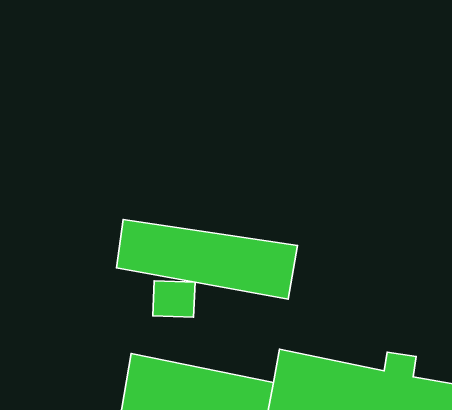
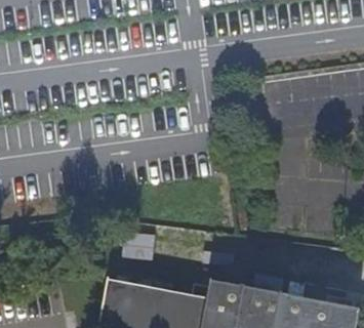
building: [116,220,297,299] -> none

